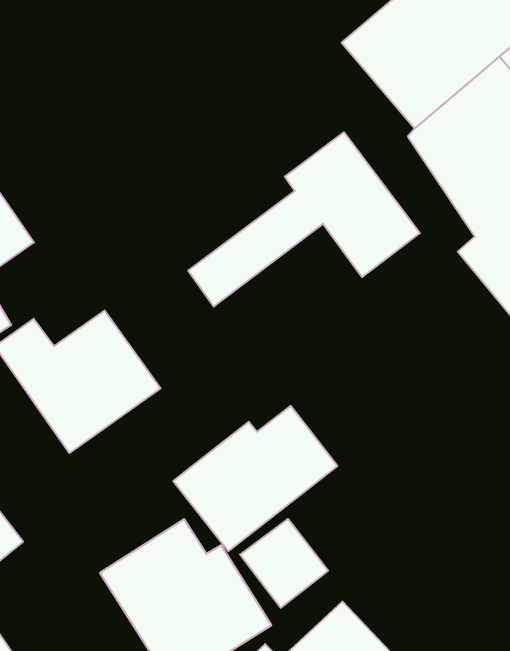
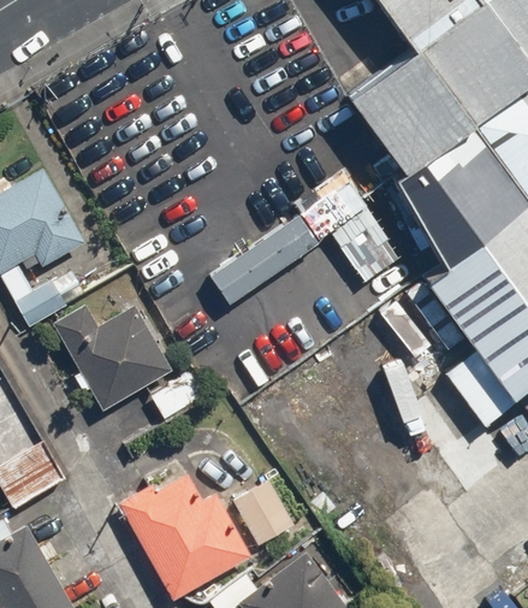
building: [173,406,337,551] -> none

